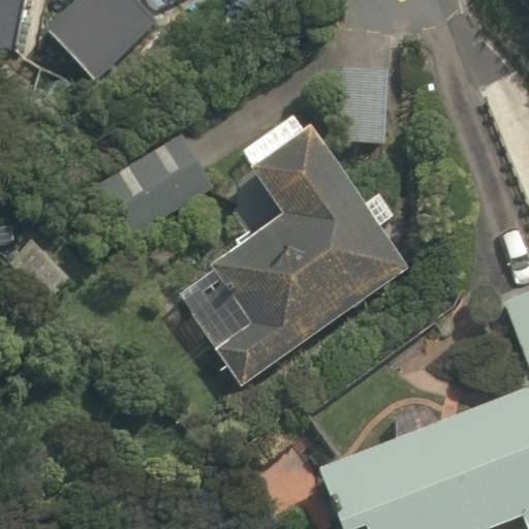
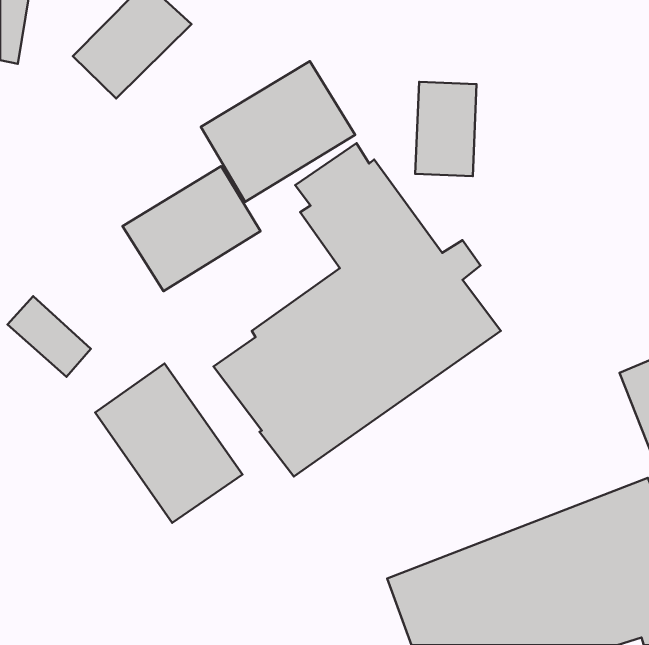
building: none -> [201,61,355,202]
building: none -> [95,364,243,523]

